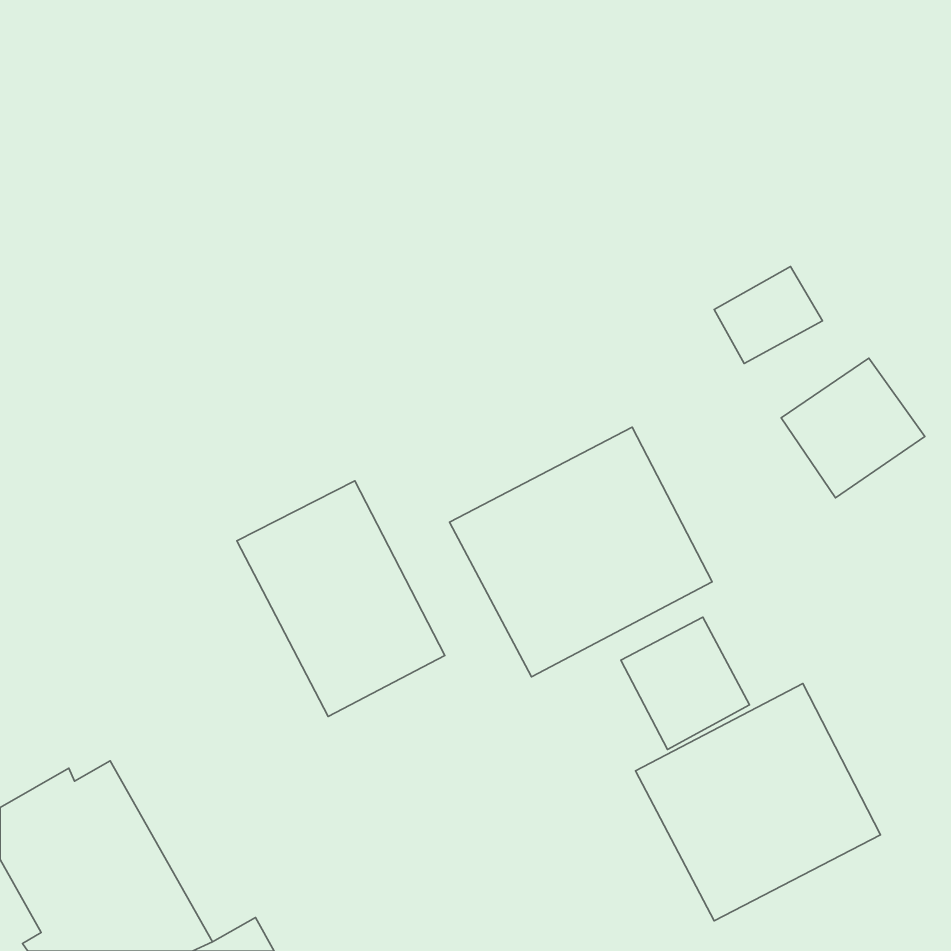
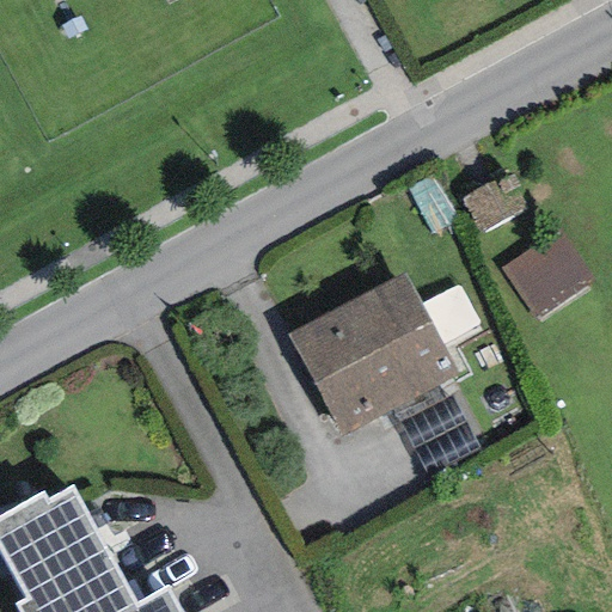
building: [237,481,445,716] -> none
building: [636,683,881,921] -> none

